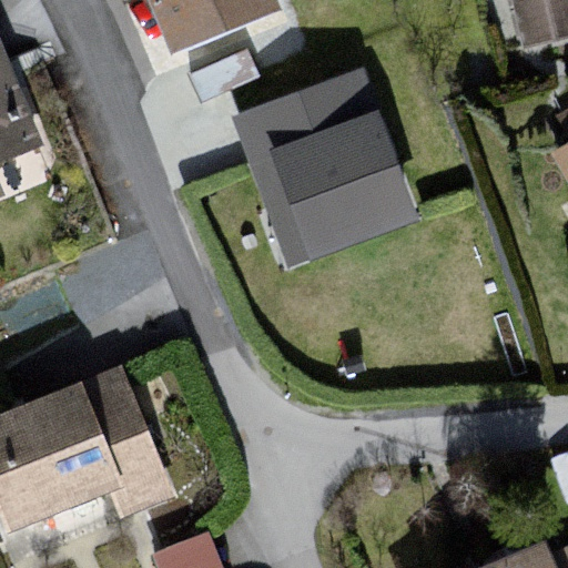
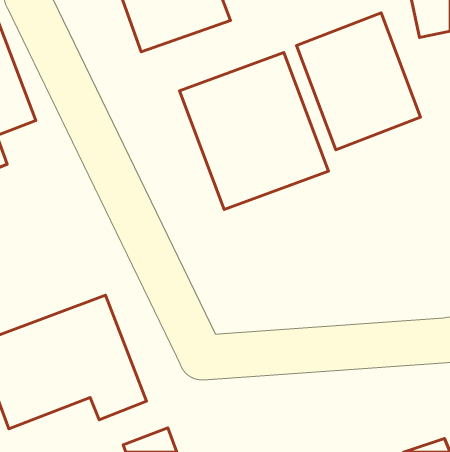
building: none -> [296,13,421,150]

